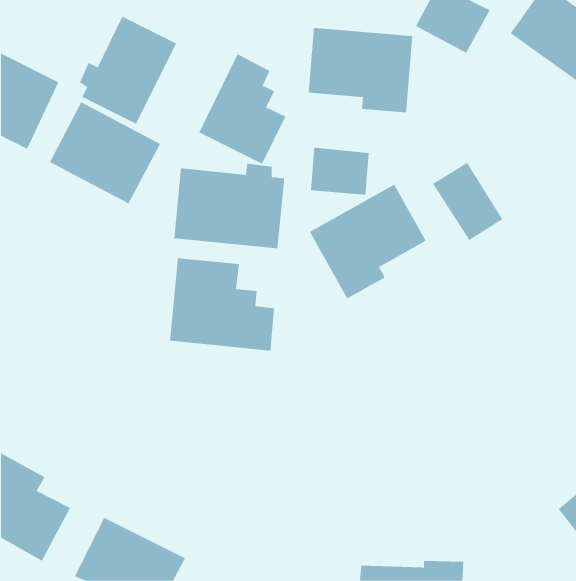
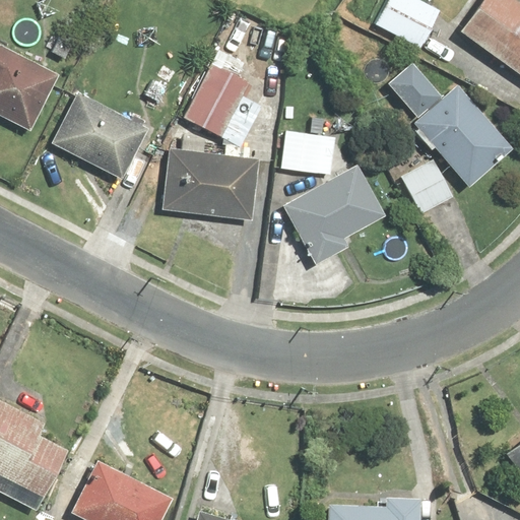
building: [79,16,177,125] -> none
building: [308,27,413,113] -> none
building: none -> [388,63,512,190]
building: [169,257,275,352] -> none

